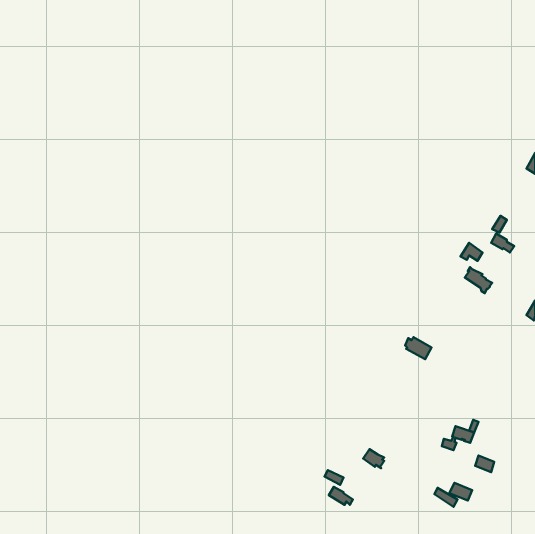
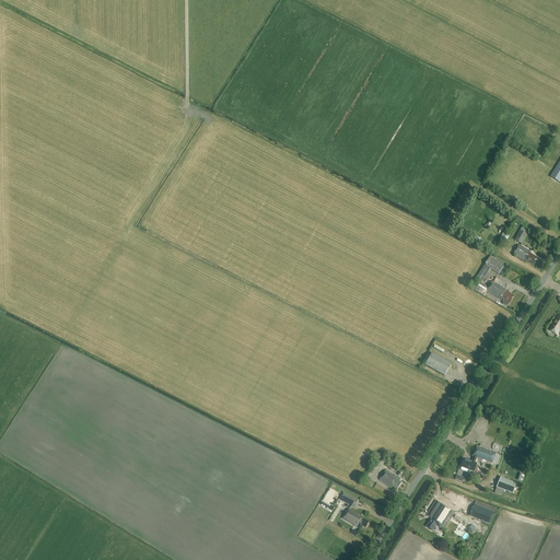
building: none -> [425,500,452,530]

